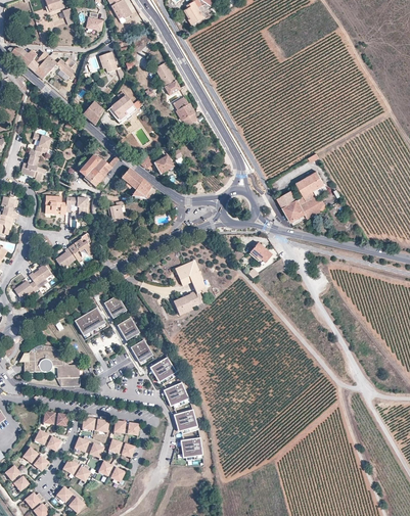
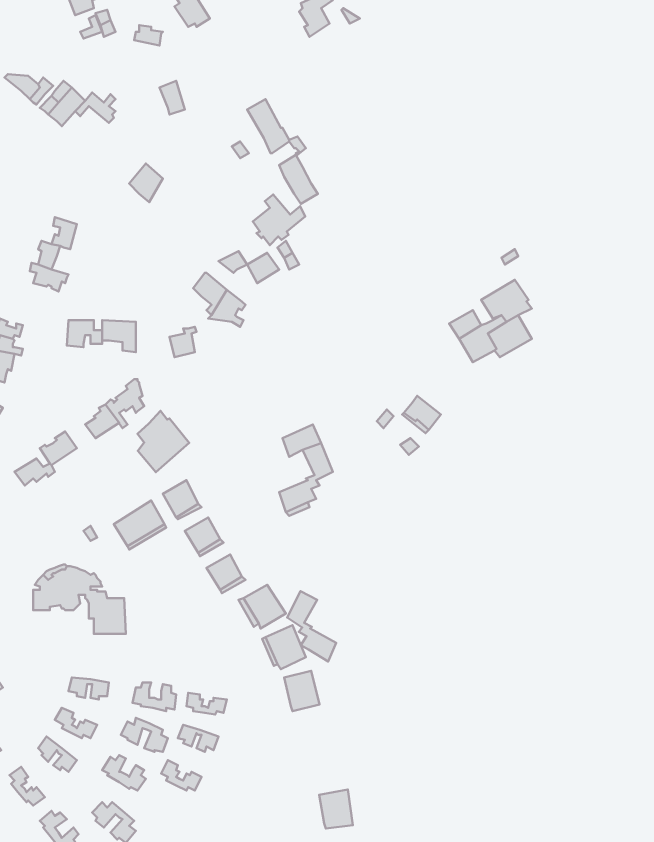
building: [109,91,141,122] -> [253,194,305,245]
building: [79,154,118,186] -> none
building: none -> [138,411,189,472]
building: none -> [287,591,336,662]
building: [182,436,202,460] -> [319,790,353,828]

